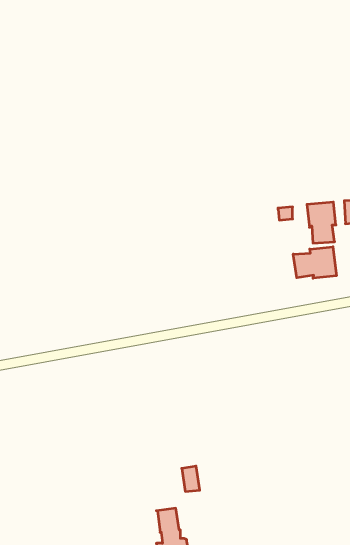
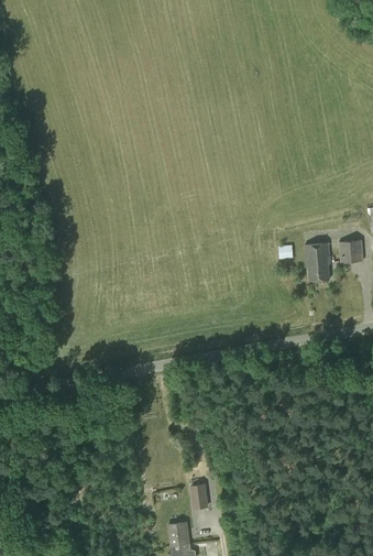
building: [293,247,336,278] -> none

